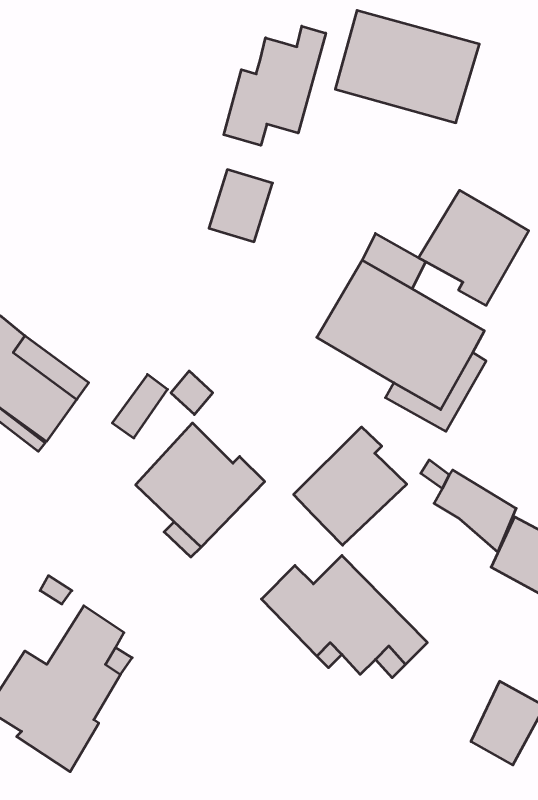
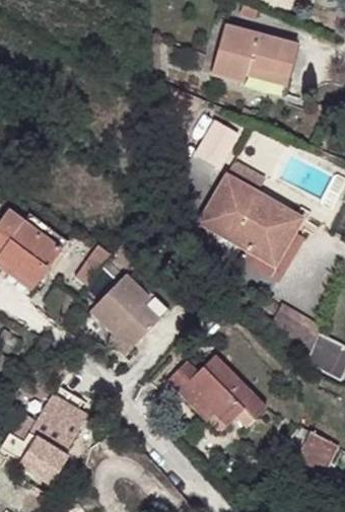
building: [224,26,326,145] -> none
building: [209,170,273,242] -> [198,121,236,164]
building: [419,190,529,305] -> none
building: [294,427,407,545] -> none

